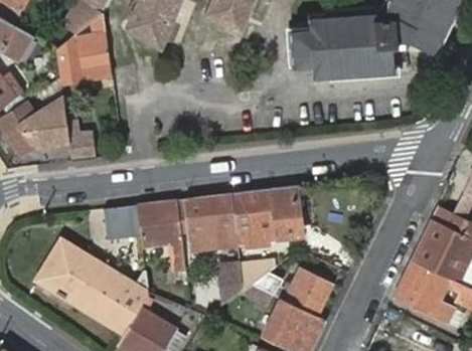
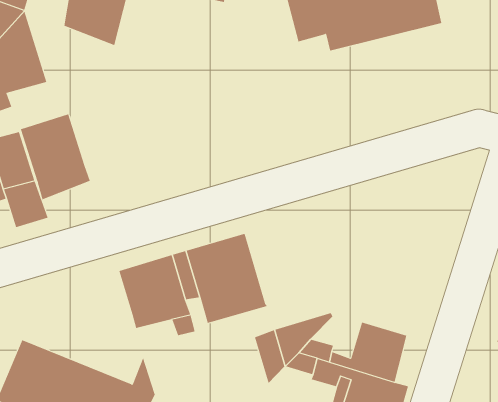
building: none -> [20,114,90,200]
building: [230,187,300,245] -> none
building: [103,205,142,241] -> none

